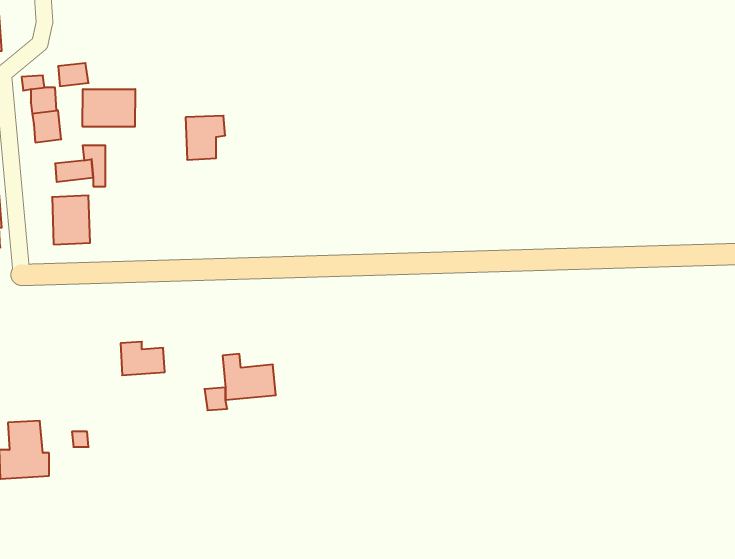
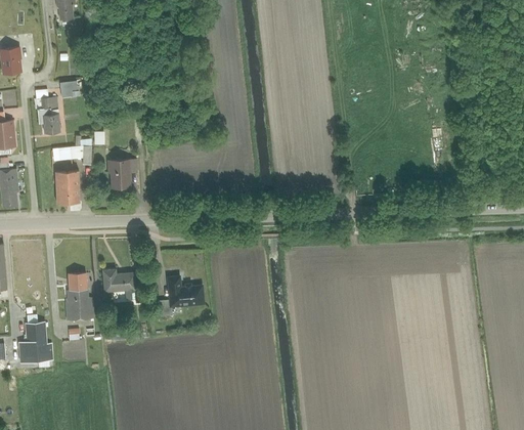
building: [83,89,135,127] -> none
building: [186,116,225,160] -> [107,159,134,188]
building: none -> [66,274,93,320]

